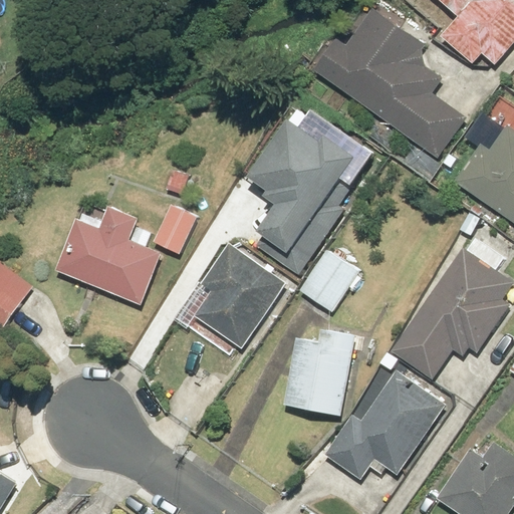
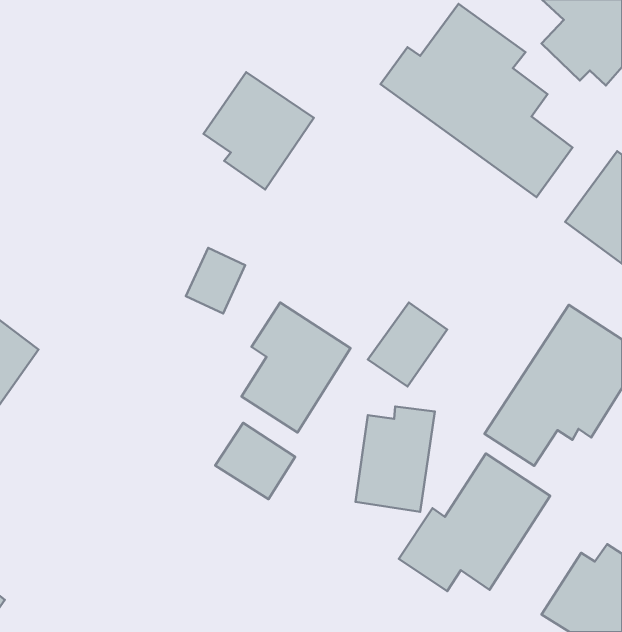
building: none -> [204,72,314,190]
building: [250,112,365,278] -> none
building: [55,204,166,304] -> none
building: none -> [215,423,295,499]

